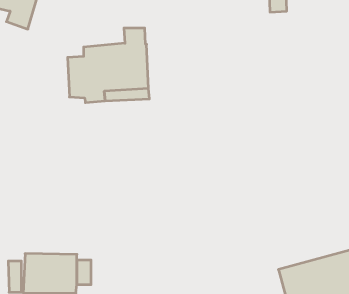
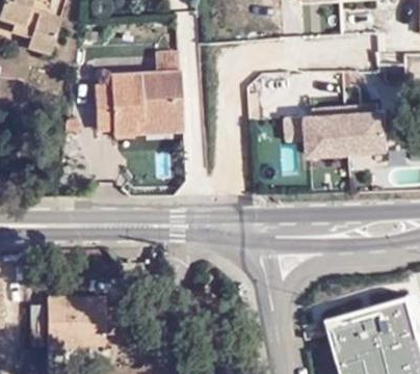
building: none -> [305,105,390,155]

